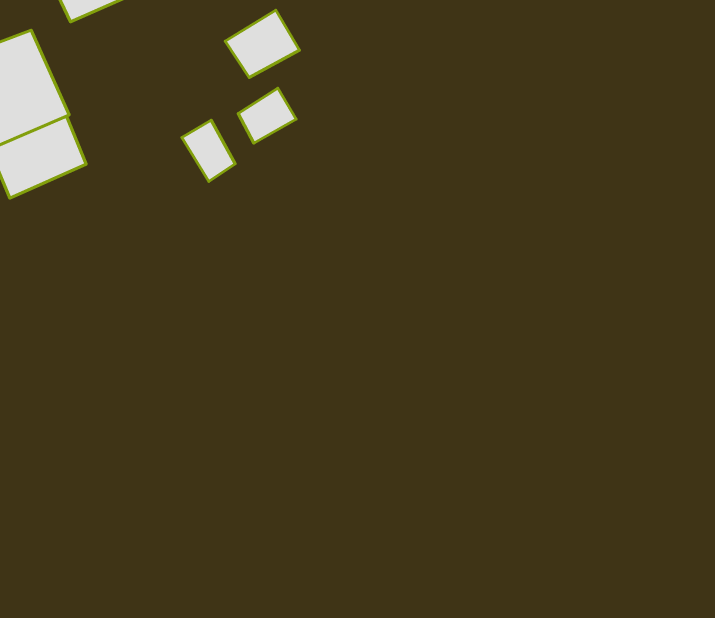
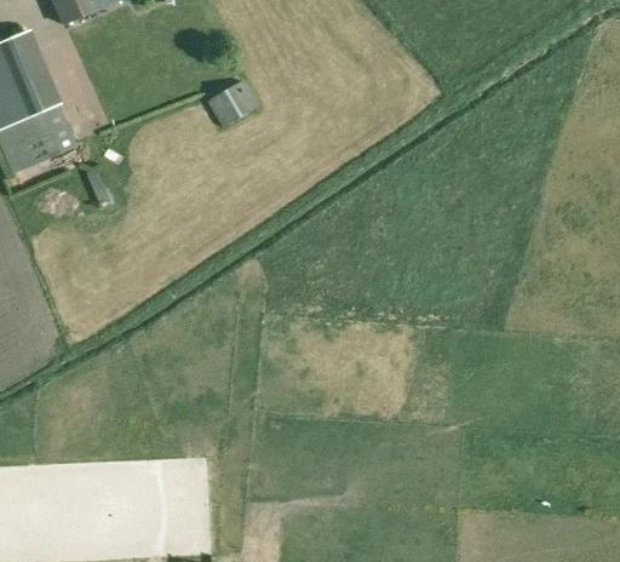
building: [225,10,300,77] -> none
building: [182,120,235,181] -> none

